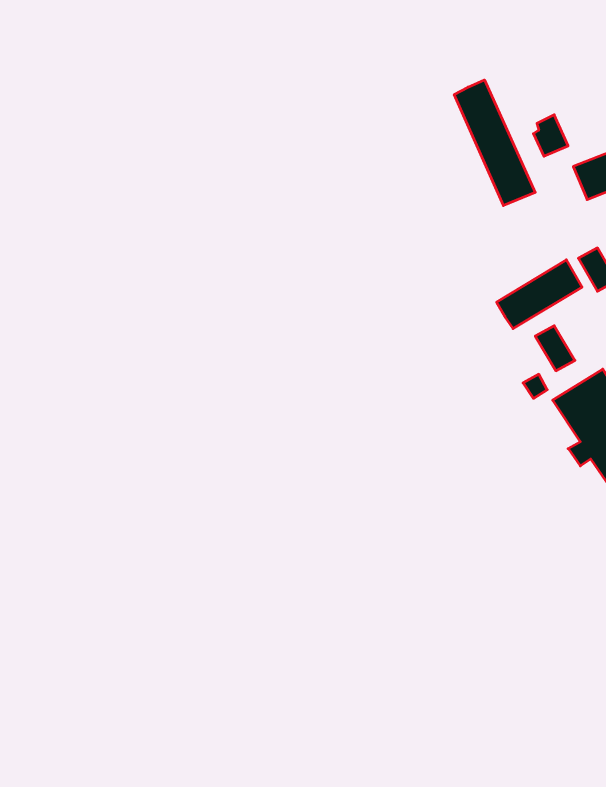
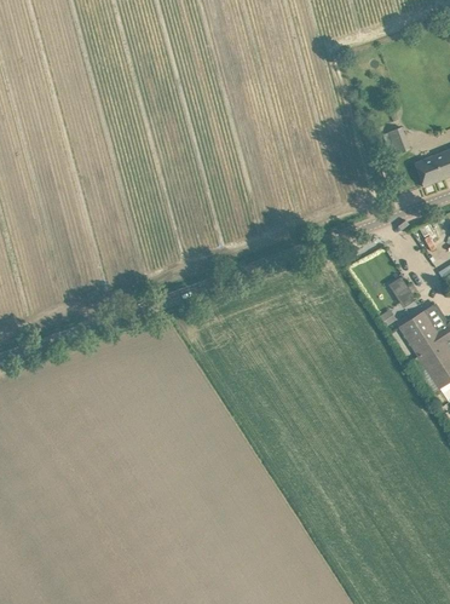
building: [454,80,535,206] -> none
building: [497,260,582,329] -> none

